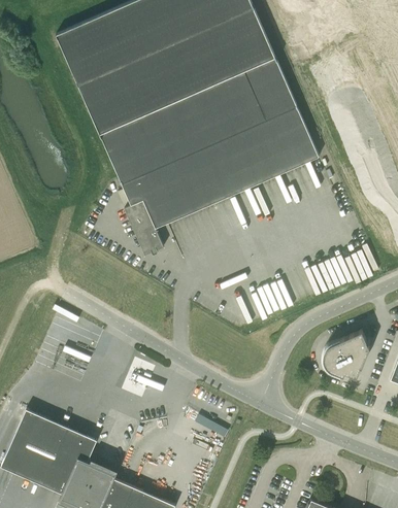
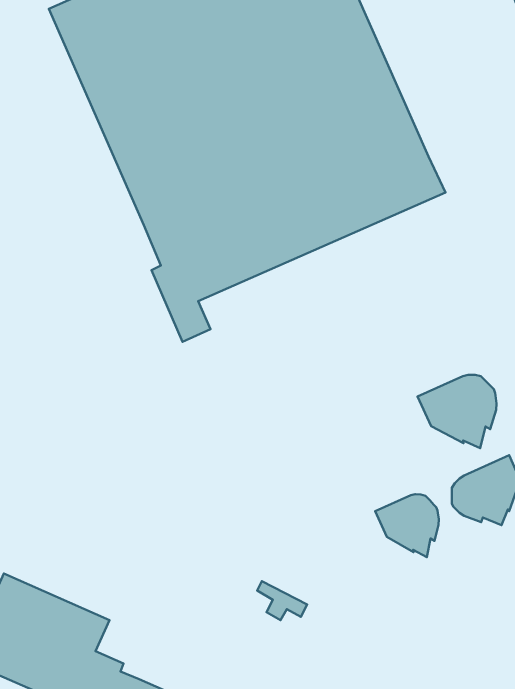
building: none -> [418,375,496,448]
building: none -> [375,494,439,557]

